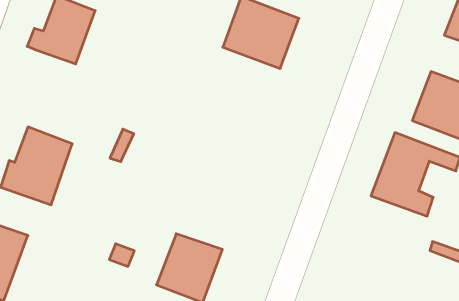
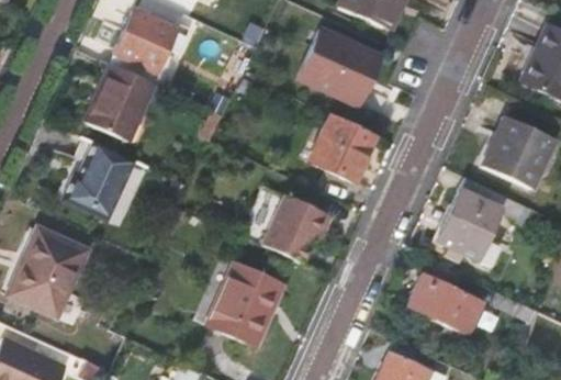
building: none -> [86,64,154,141]
building: none -> [310,116,375,182]
building: none -> [262,194,325,262]
building: none -> [411,261,483,336]

